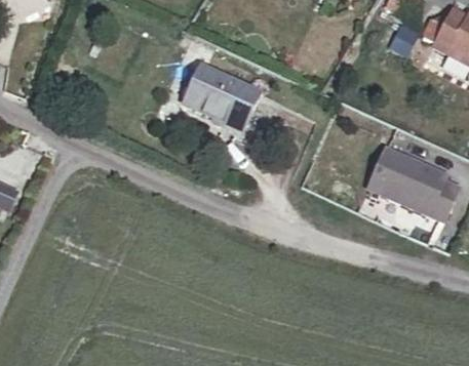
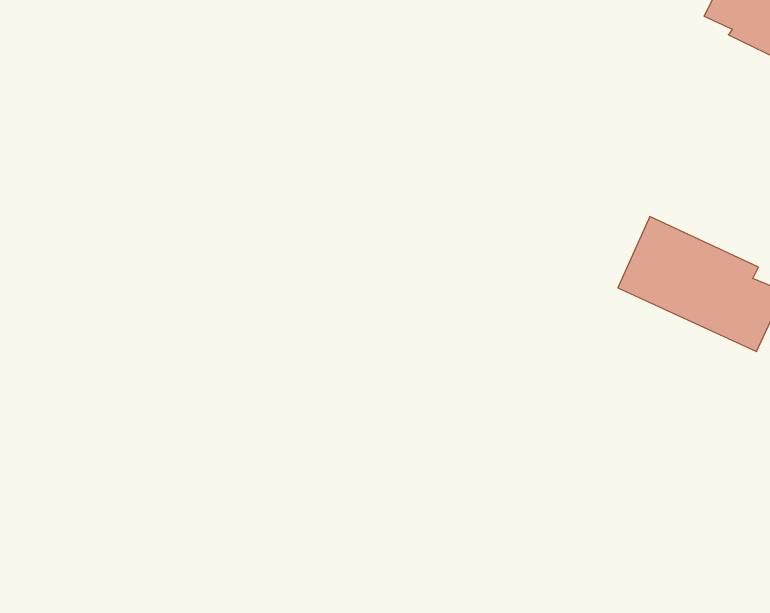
building: [191,66,262,131] -> none

